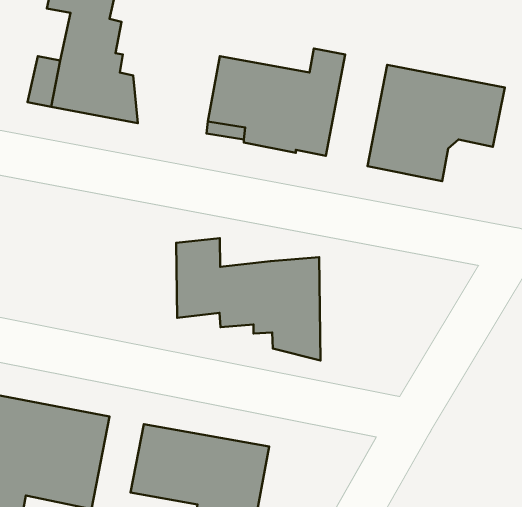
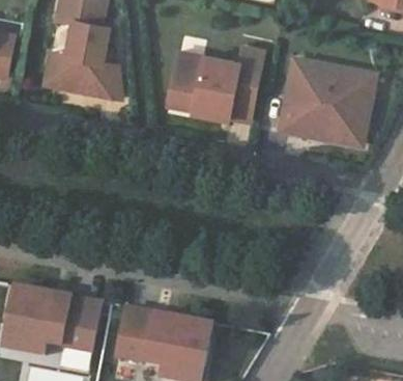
building: none -> [332,110,367,144]
building: [176,238,321,360] -> none

